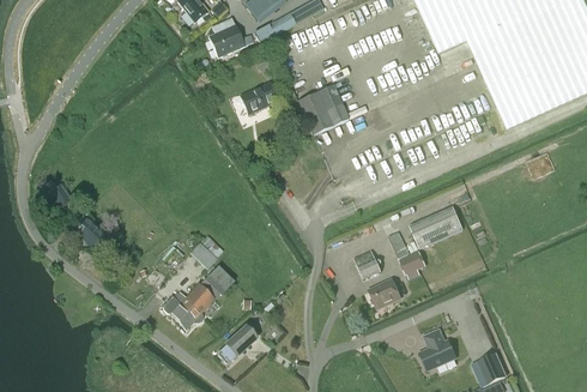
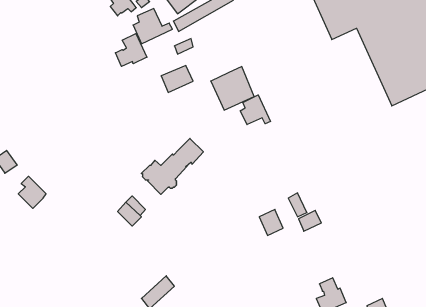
building: none -> [115,34,147,66]
building: none -> [240,95,271,125]
building: [409,206,462,248] -> none
building: [162,265,234,330] -> [141,138,203,194]
building: [368,279,400,308] -> none

